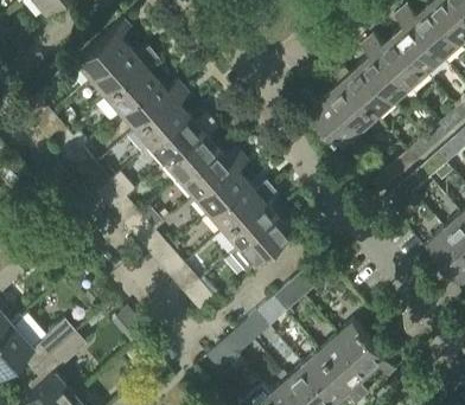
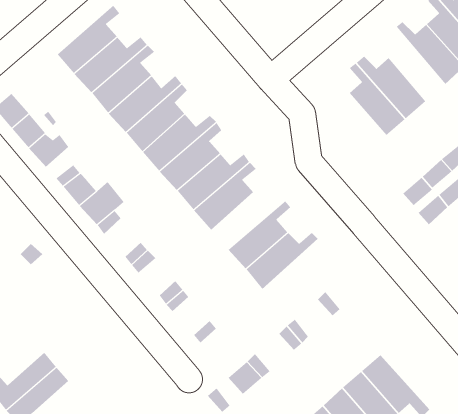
building: [361,40,410,104] -> none
building: [300,95,359,149] -> none
building: [209,182,273,232] -> none

